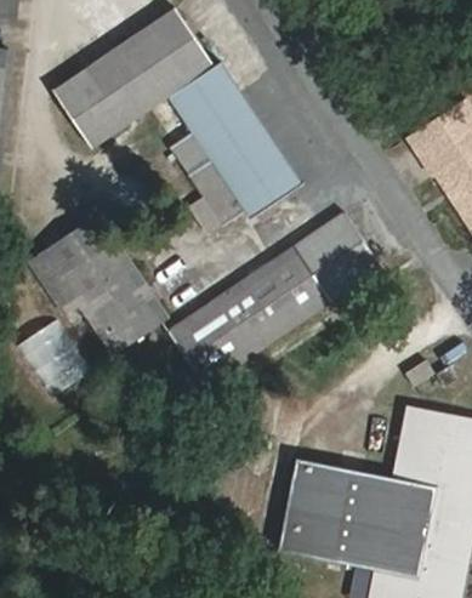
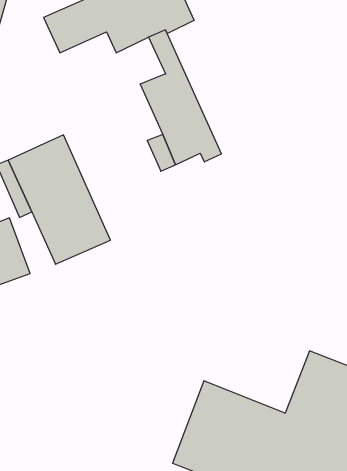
building: [189,64,302,206] -> none
building: [78,97,138,148] -> none
building: [167,216,382,388] -> none

